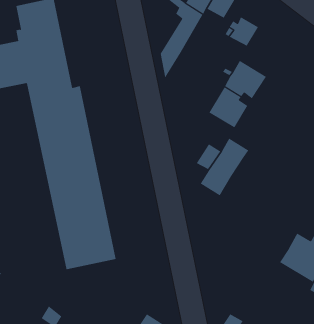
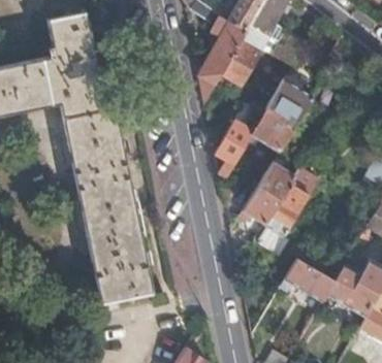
building: none -> [223,25,268,81]
building: none -> [217,108,264,184]
building: none -> [264,169,319,236]
building: none -> [282,258,337,301]

